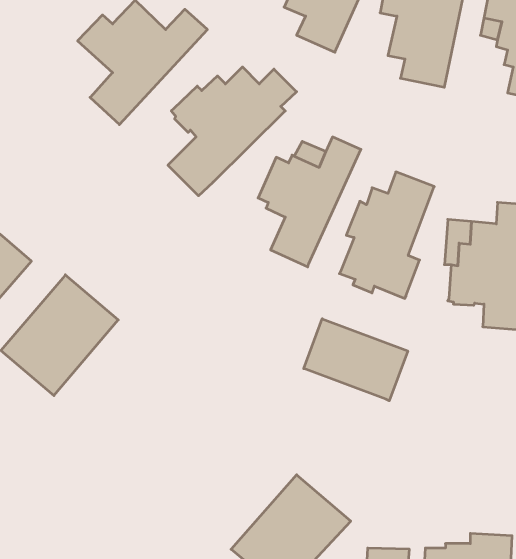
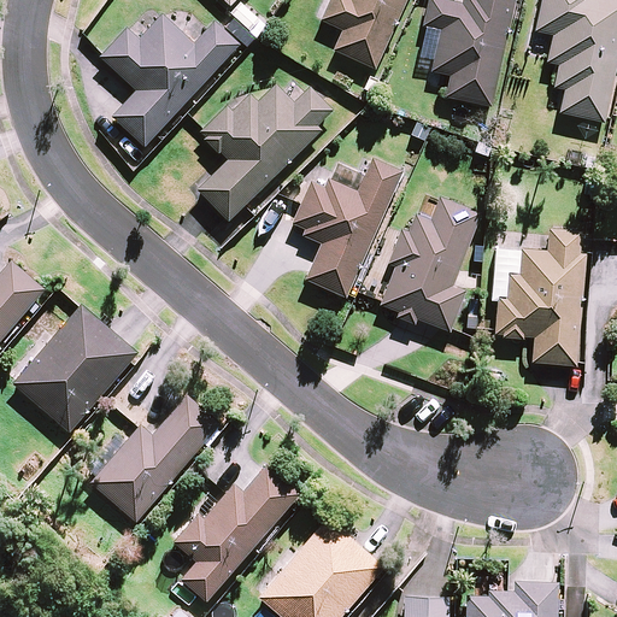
building: [304,319,408,401] -> none
building: none -> [93,395,224,523]
building: none -> [175,465,304,603]

